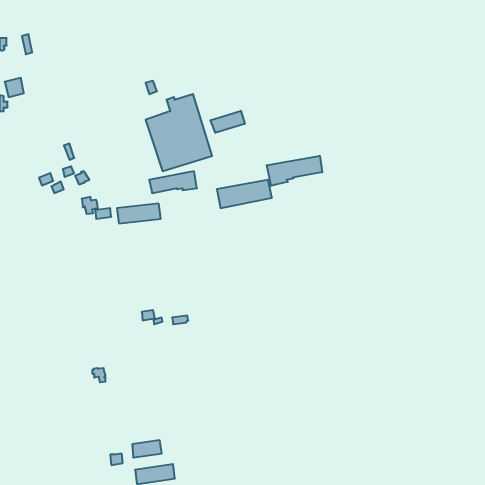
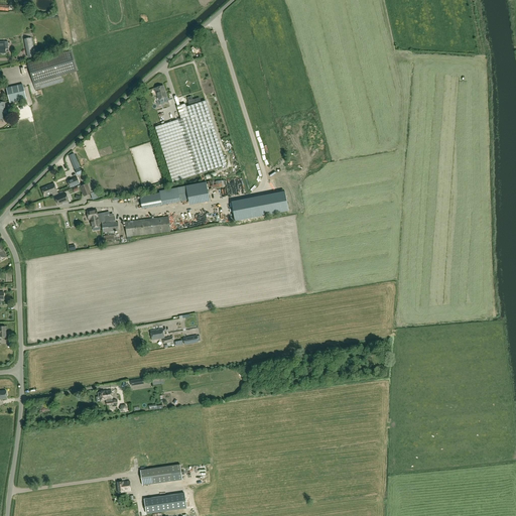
building: none -> [27,46,76,90]
building: [211,111,245,133] -> none
building: [267,156,322,186] -> none

